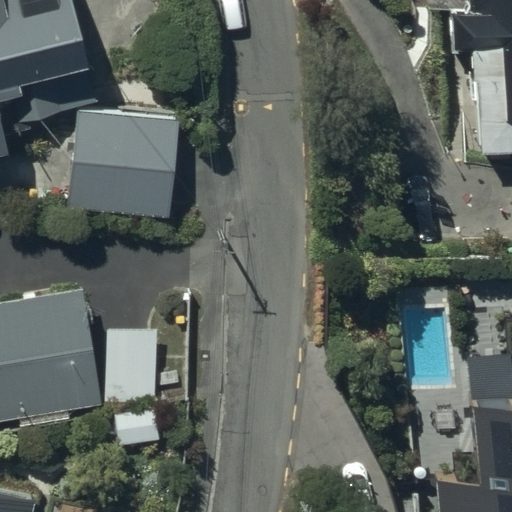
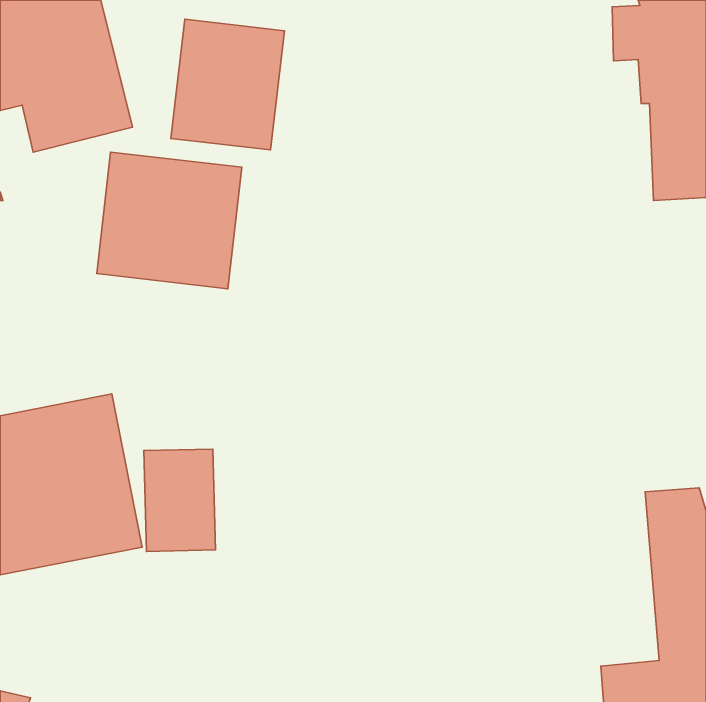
building: none -> [171,19,285,150]

